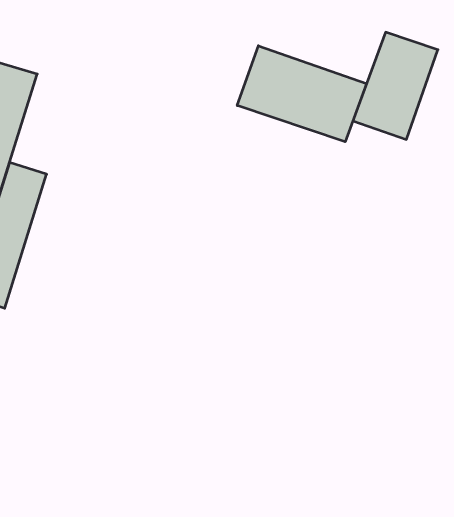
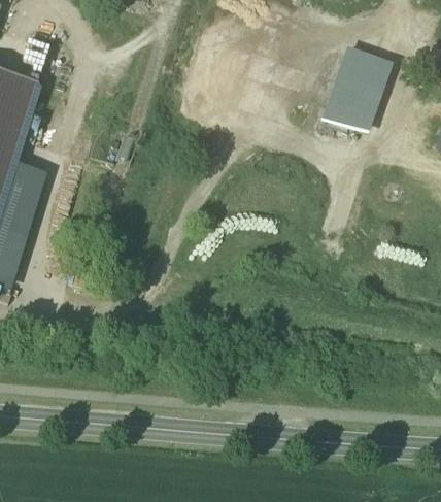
building: [237,46,367,142] -> none

